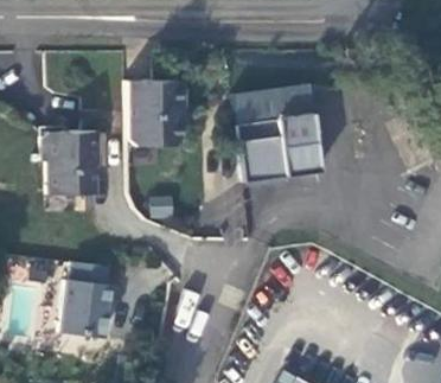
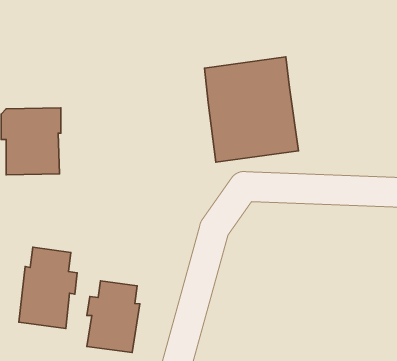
building: [127,81,185,145] -> none
building: none -> [87,281,140,353]

